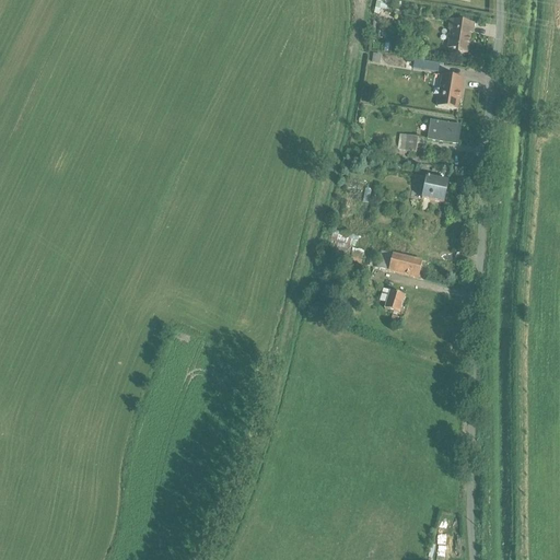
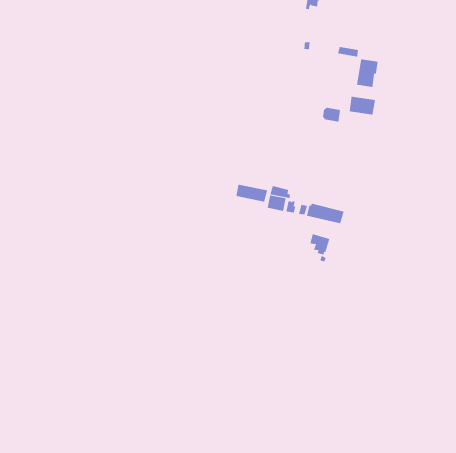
building: [447,16,475,50] -> none
building: [421,174,448,200] -> none
building: none -> [236,184,268,202]

